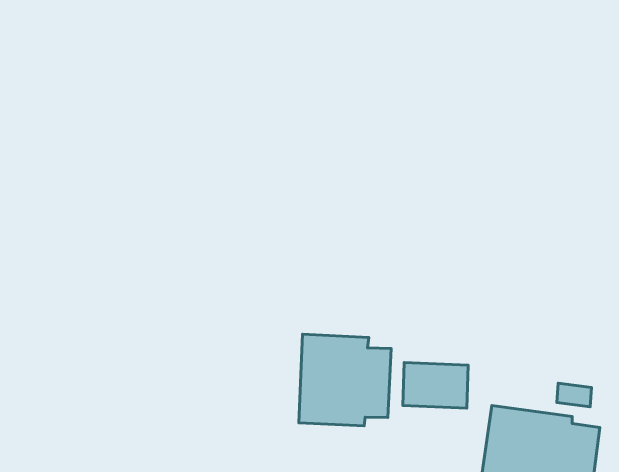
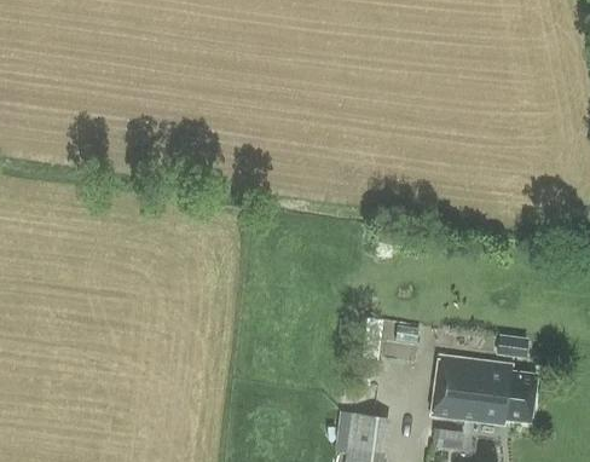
building: [299,334,391,426] -> none

